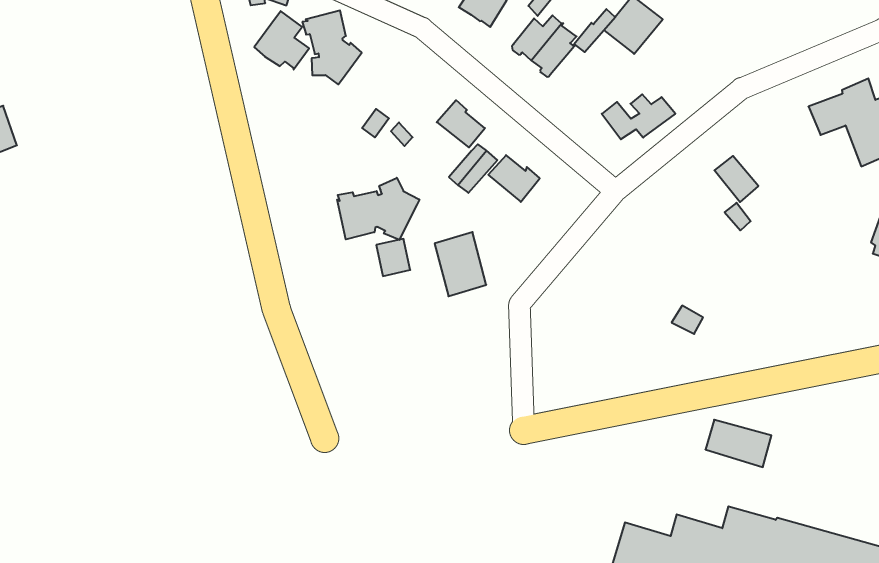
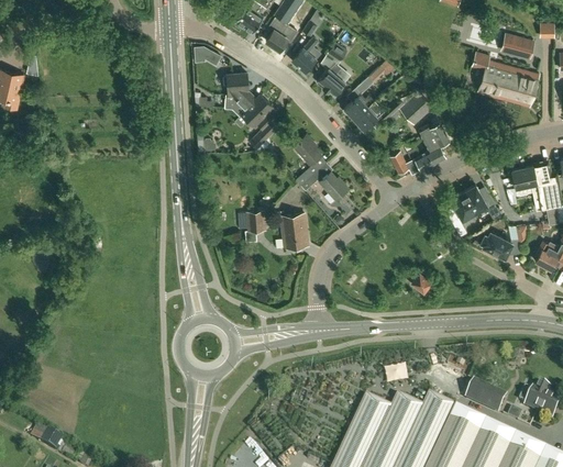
building: [254,11,309,70] -> [242,96,274,131]
building: none -> [419,123,450,164]
building: none -> [463,186,497,214]
building: [337,178,419,240] -> none
building: none -> [481,233,521,258]
building: [705,420,771,467] -> [466,382,506,414]

